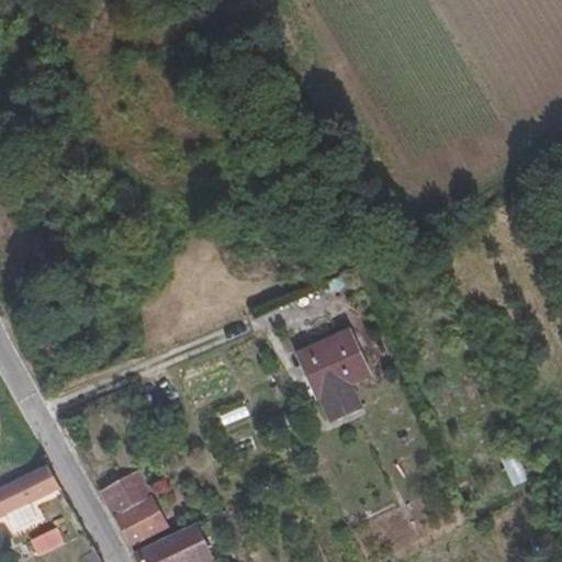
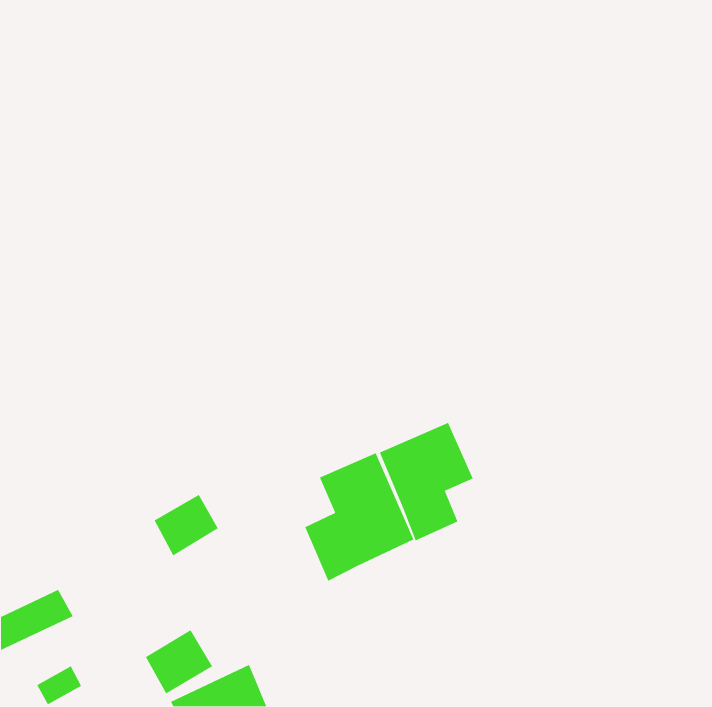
building: none -> [304,452,415,582]
building: [99,469,150,518] -> [153,494,219,556]

